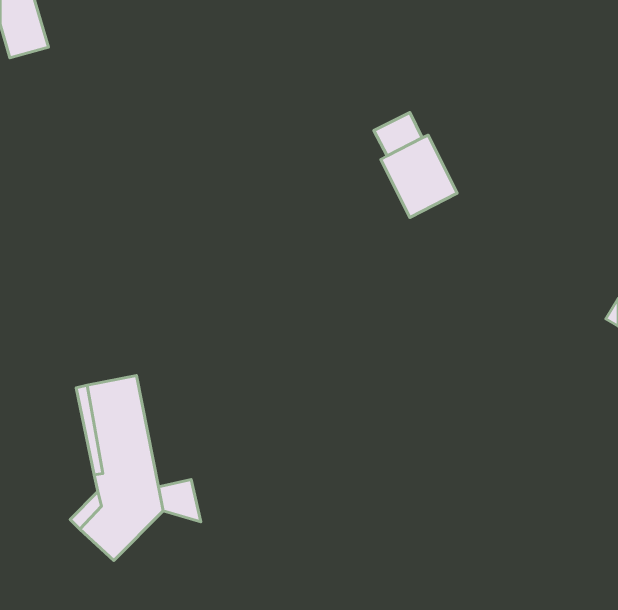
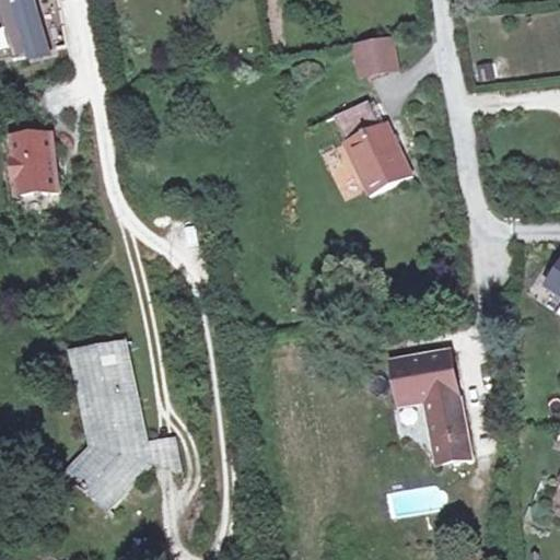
building: none -> [354,33,399,80]
building: none -> [9,129,54,188]
building: none -> [394,350,469,459]

